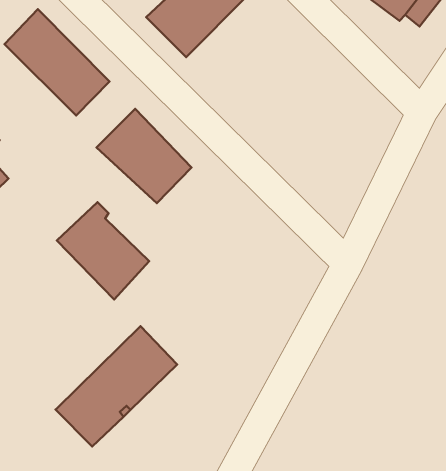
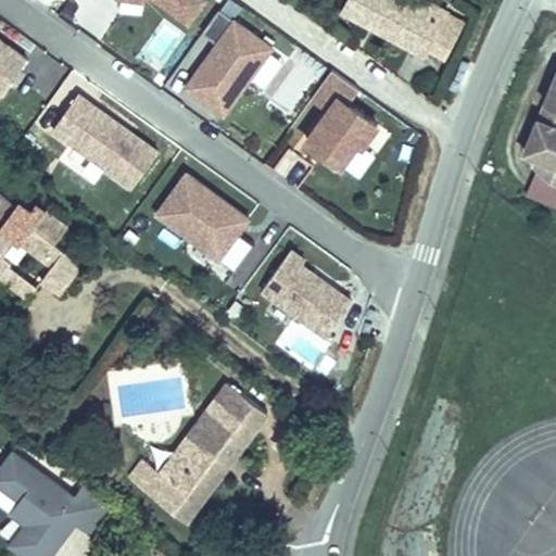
building: none -> [305,98,382,173]
building: [57,202,149,299] -> [260,252,350,341]
building: none -> [128,458,197,517]

